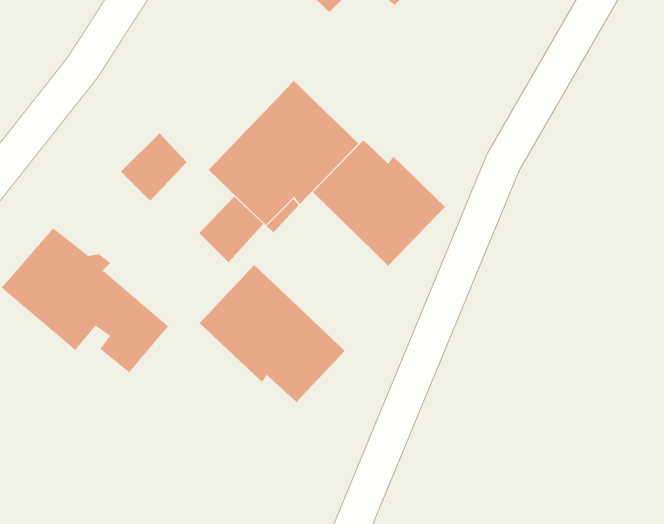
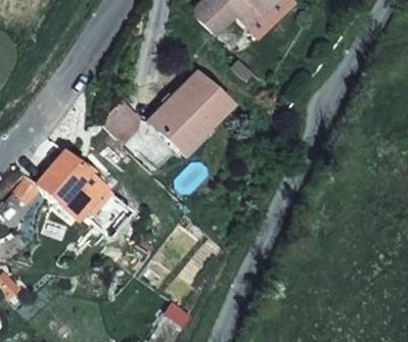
building: [312,140,446,266] -> none
building: [199,264,345,403] -> none

